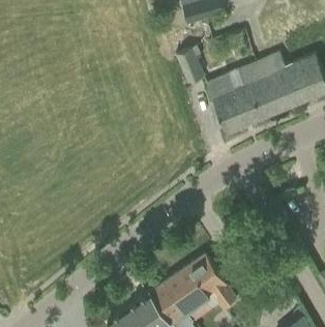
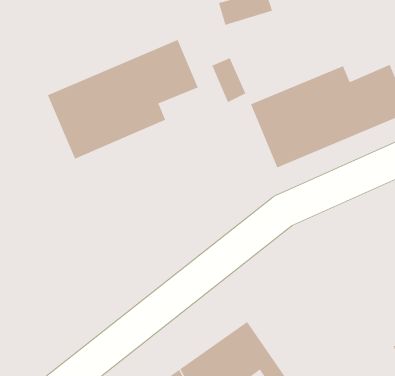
building: none -> [47,39,199,159]

